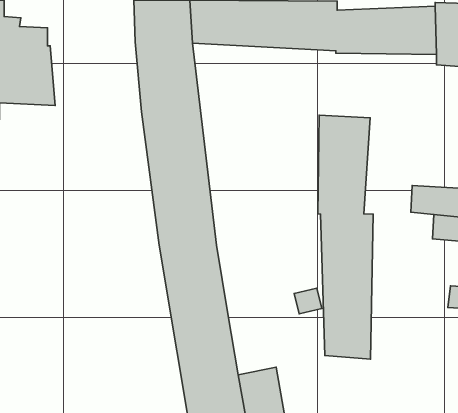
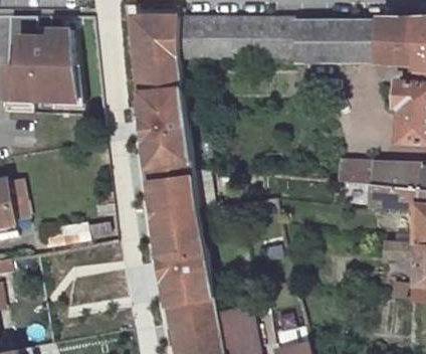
building: [318,115,373,359] -> none

